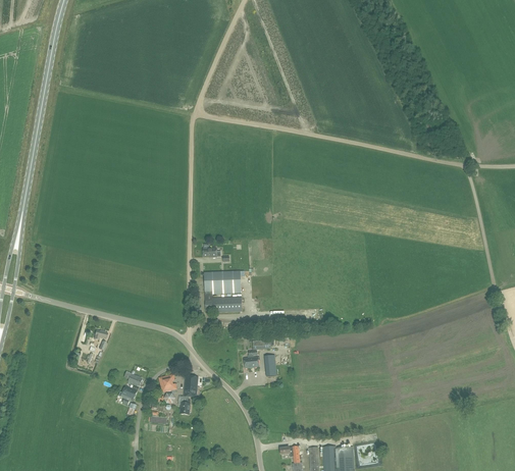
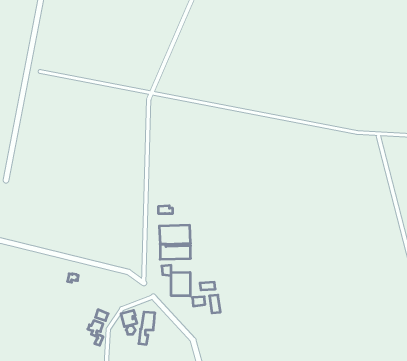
building: none -> [171,272,190,296]

